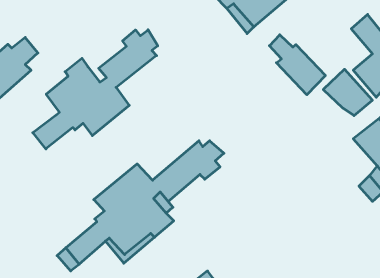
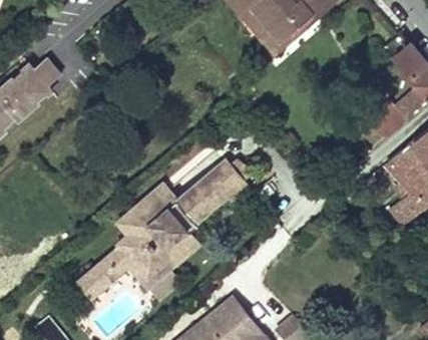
building: [33,30,158,149] -> none
building: [269,35,325,95] -> none

